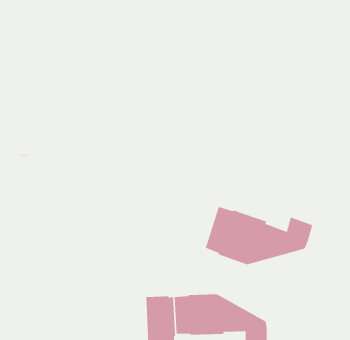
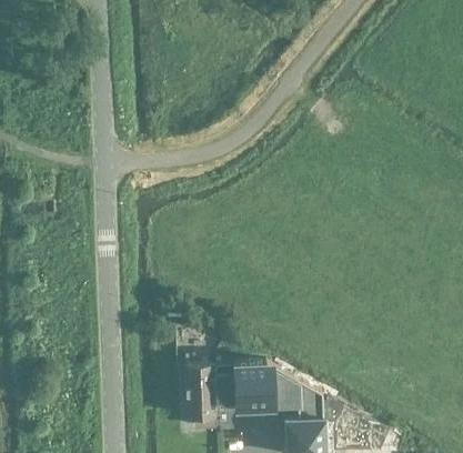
building: [205,206,313,265] -> none

